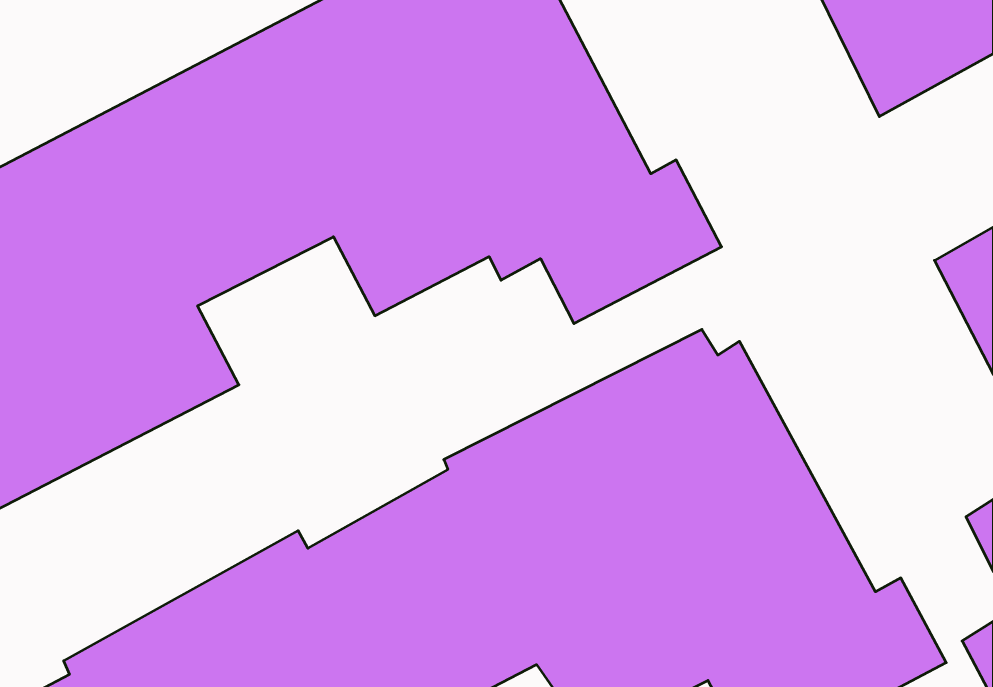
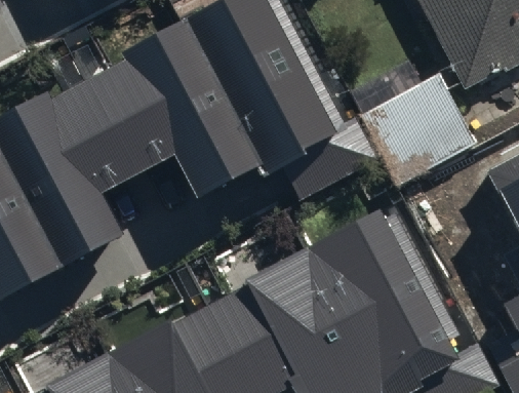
building: none -> [363,73,477,182]

